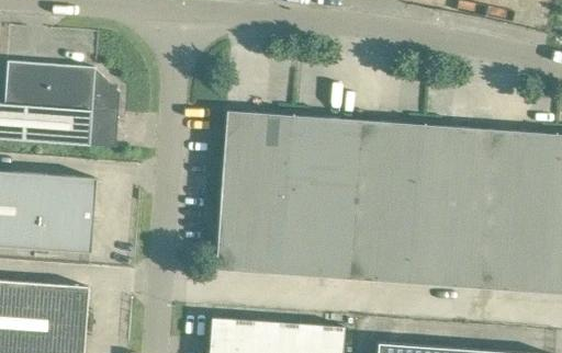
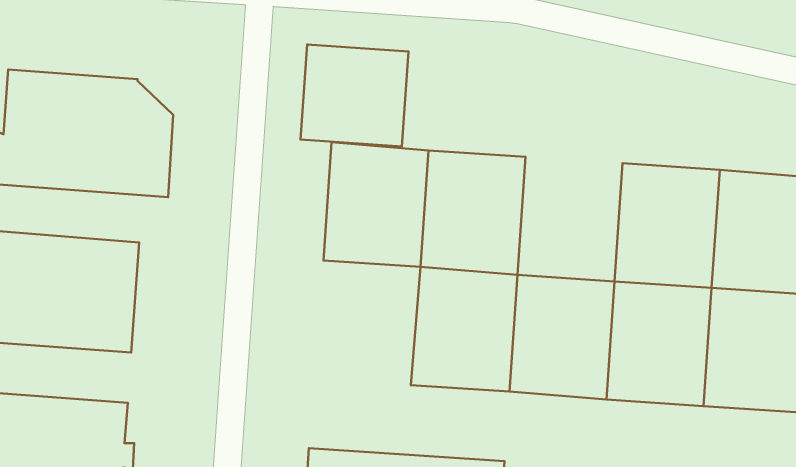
building: none -> [301,44,408,147]
building: [352,121,424,205] -> none
building: [214,191,286,275] -> none

